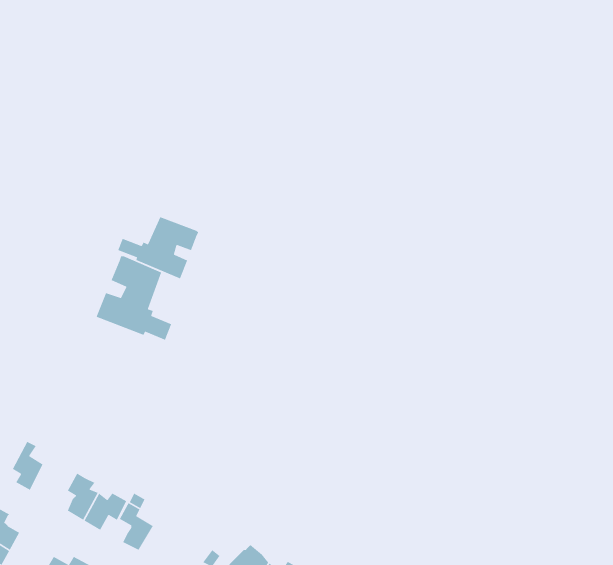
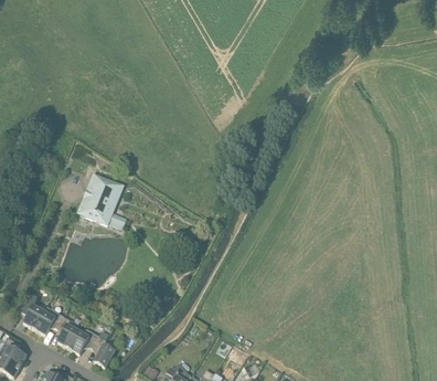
building: [117,216,199,279] -> none
building: none -> [33,305,64,334]

